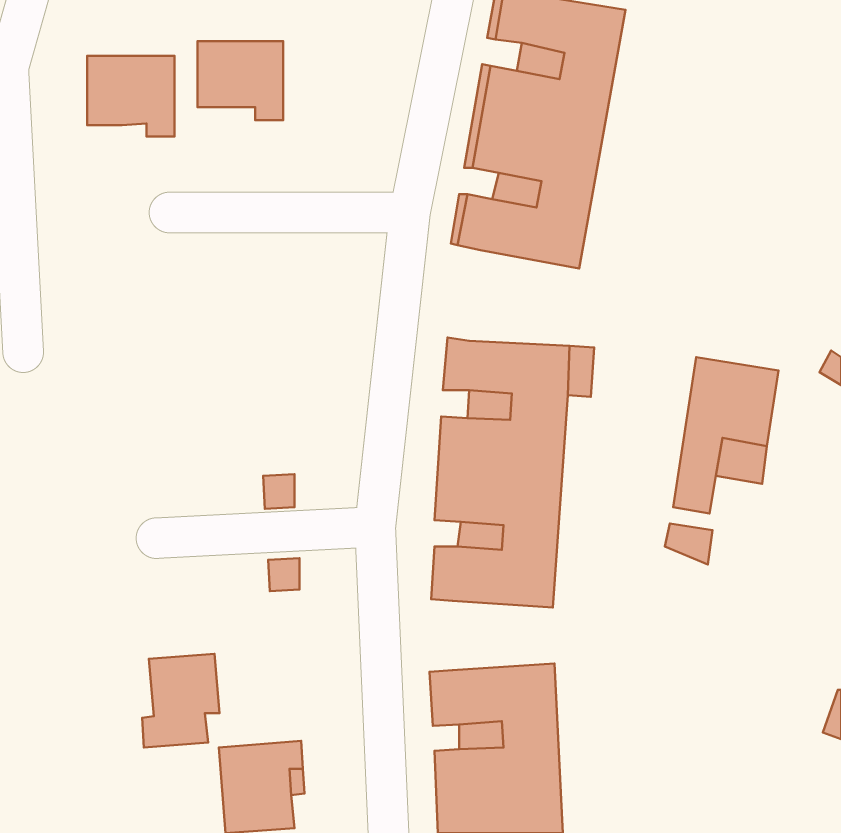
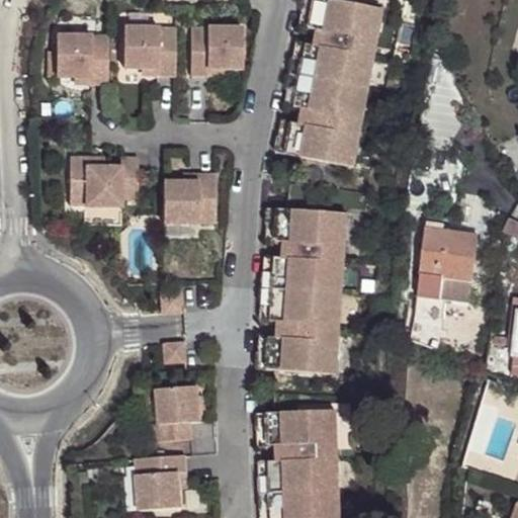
building: none -> [189,25,242,73]
building: none -> [68,155,137,205]
building: none -> [162,174,215,225]
building: [142,654,220,748] -> [153,384,200,442]

